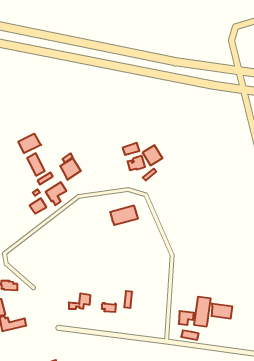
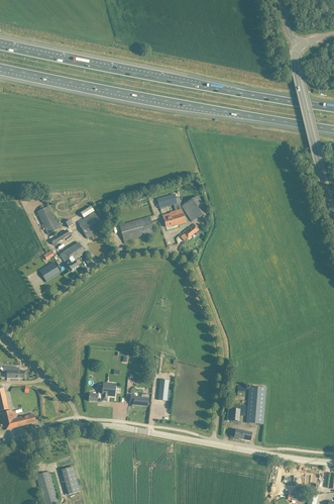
building: [18,134,41,153] -> none
building: [110,206,138,225] -> [119,216,154,240]
building: [212,303,232,319] -> none

